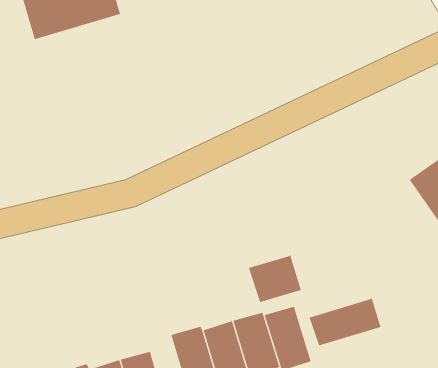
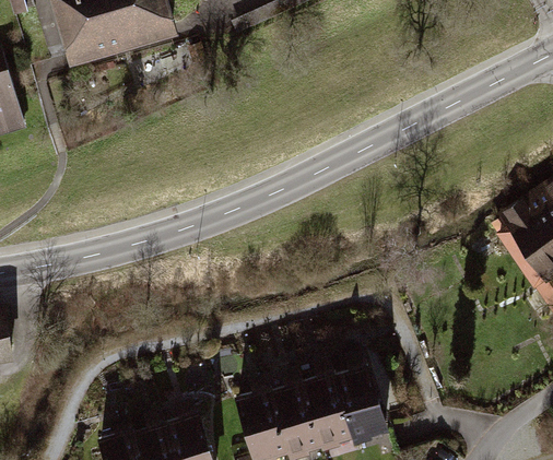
building: [248,255,301,303] -> none
building: [309,298,381,346] -> none

